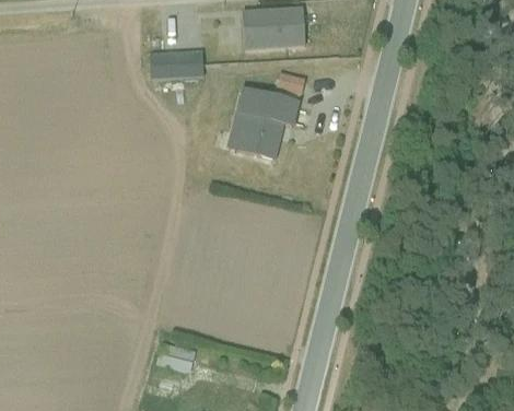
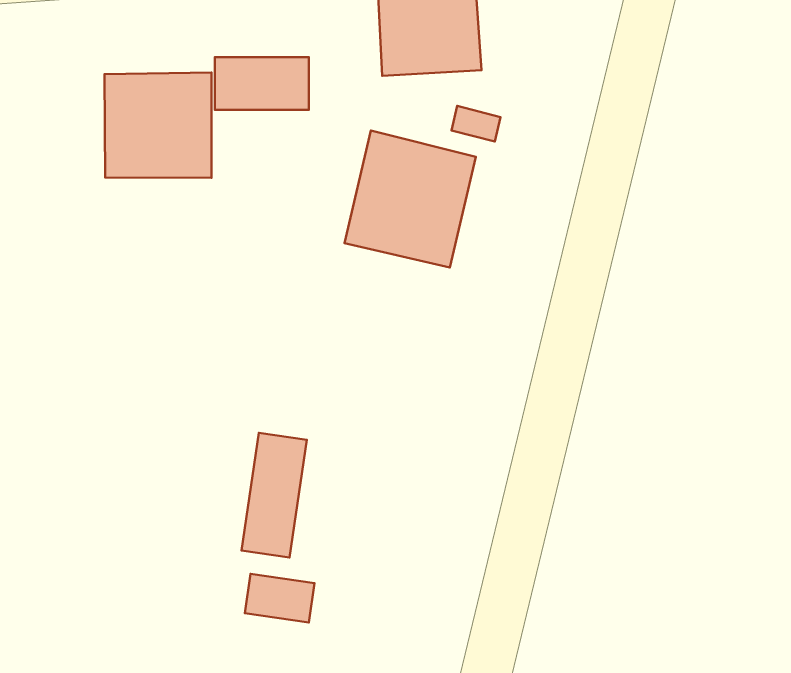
building: none -> [105,73,211,178]
building: none -> [242,433,307,558]

